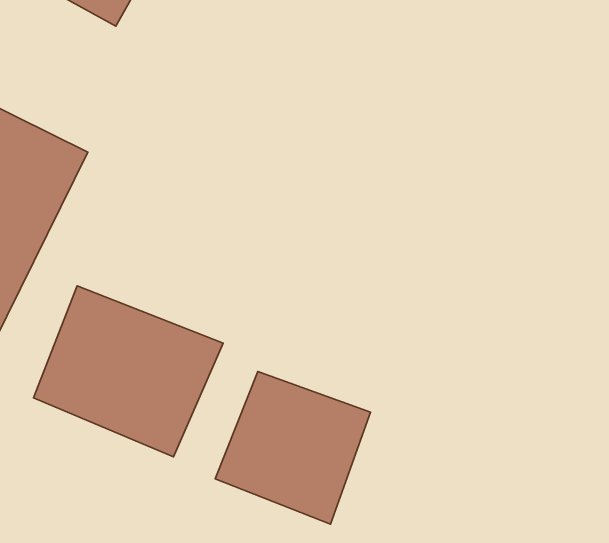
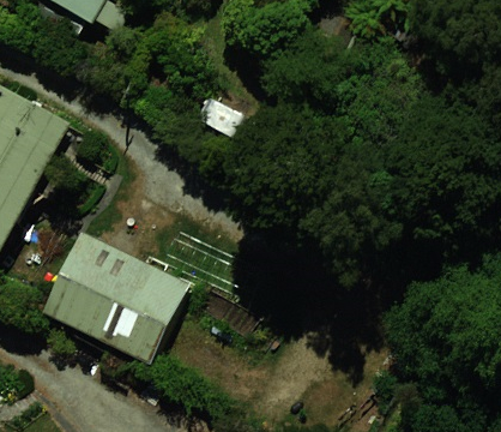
building: [215,372,370,524] -> none

